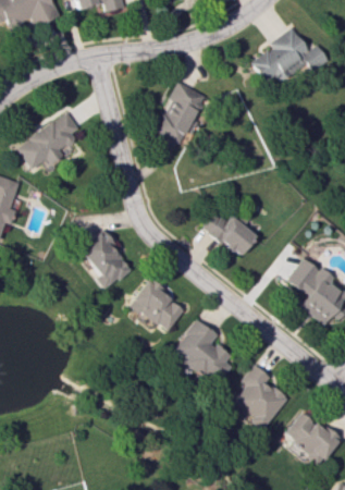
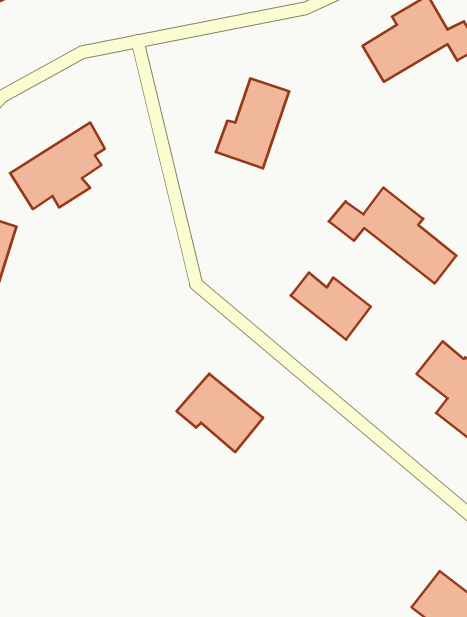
building: none -> [329,188,456,283]
building: [77,232,131,289] -> none
building: [172,320,234,384] -> none
building: [231,365,287,431] -> none

